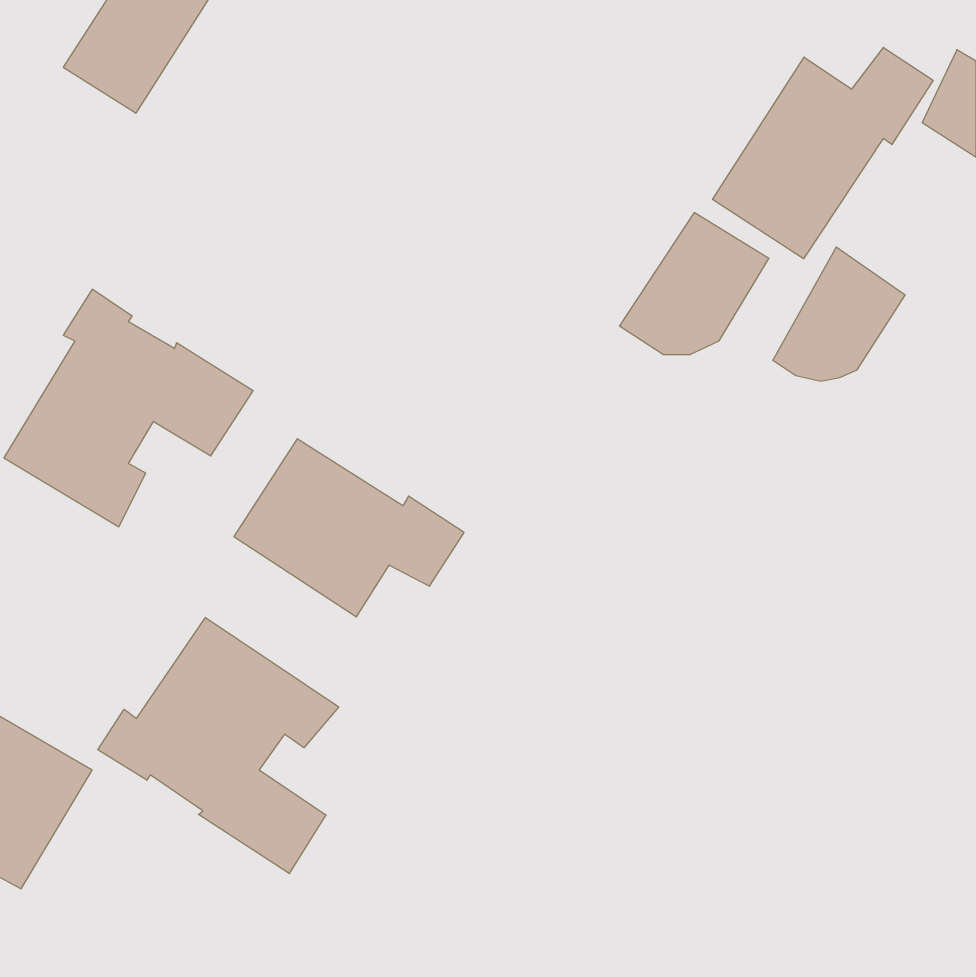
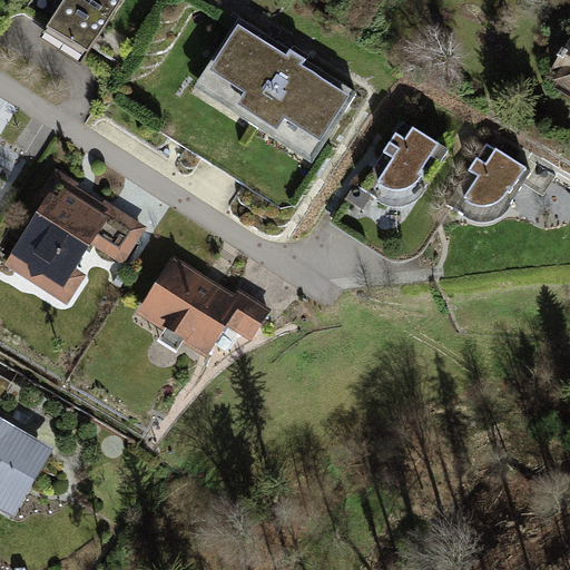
building: none -> [196,18,357,161]
building: [713,47,933,259] -> none
building: [98,617,339,874] -> none

